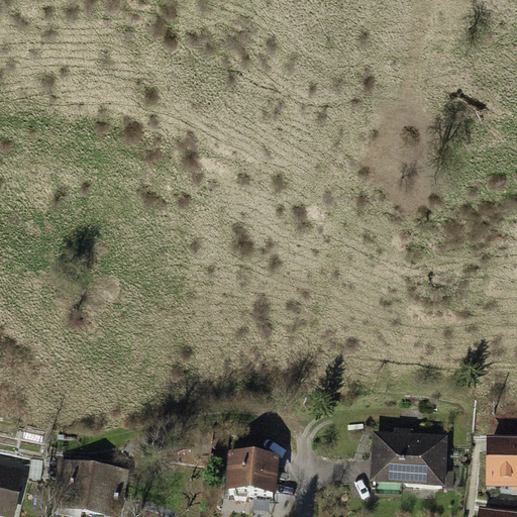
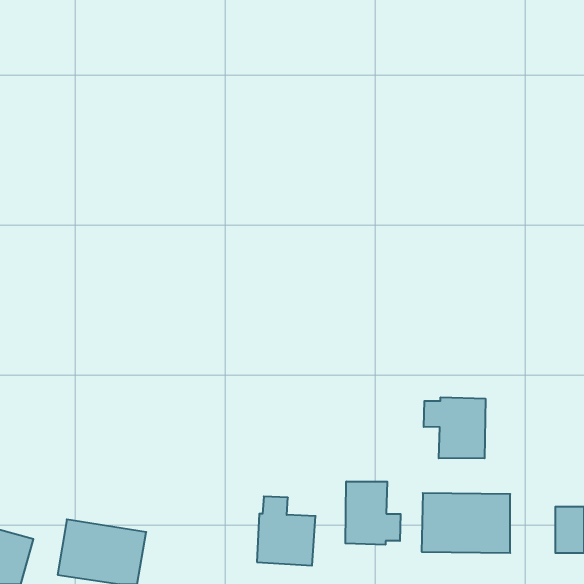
building: none -> [424,397,485,458]
building: none -> [345,481,401,545]

